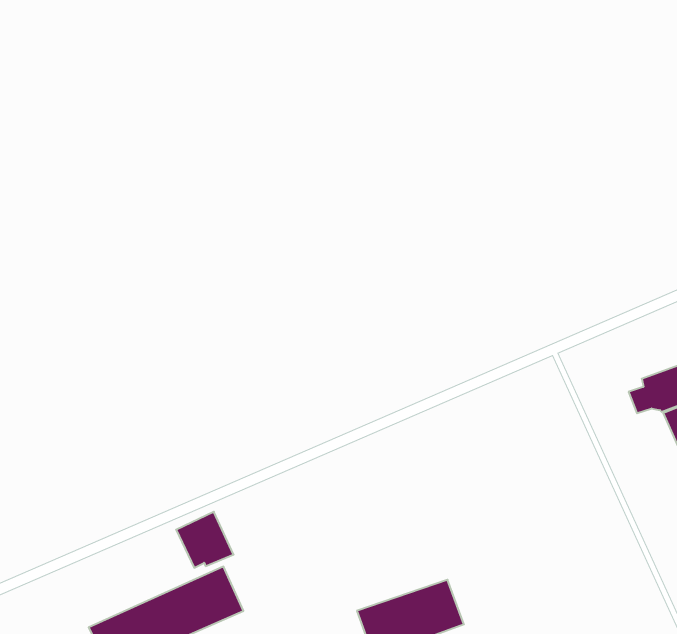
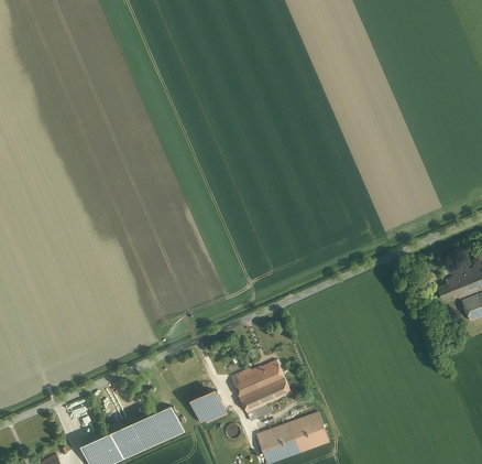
building: none -> [231,359,292,412]
building: [176,512,234,568] -> [187,386,226,423]

